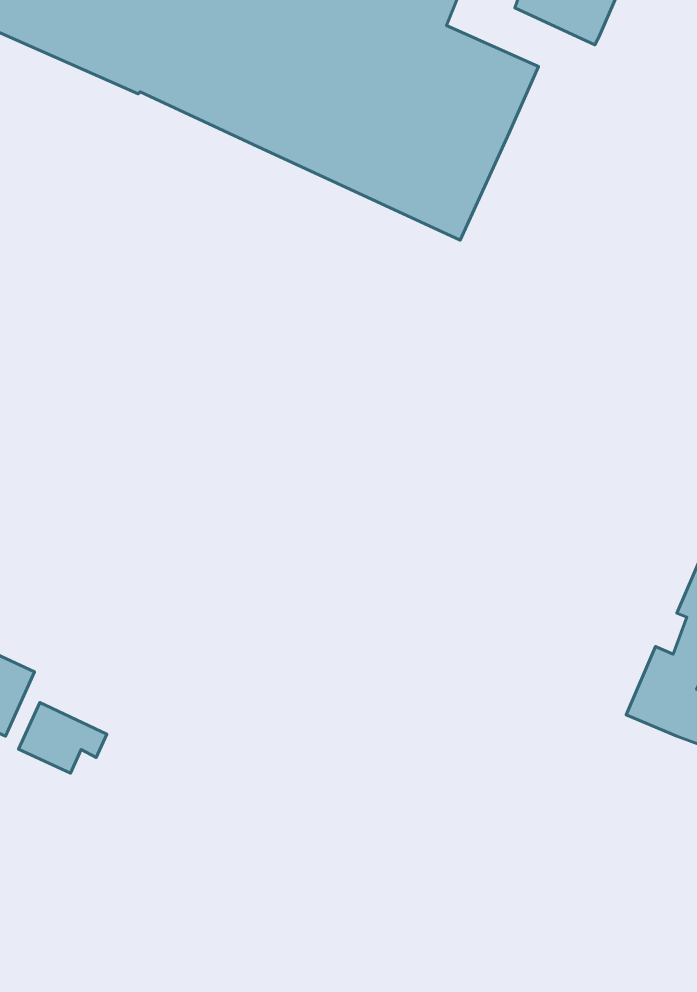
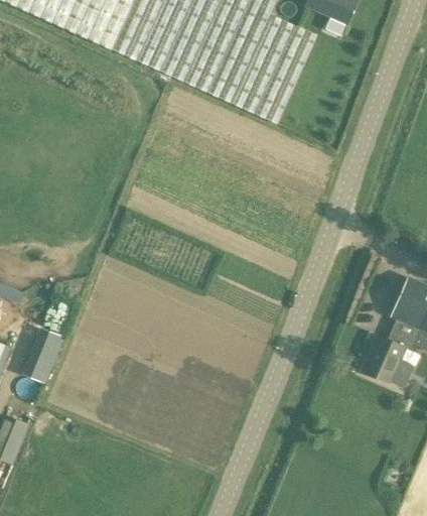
building: [18,703,107,773] -> none

